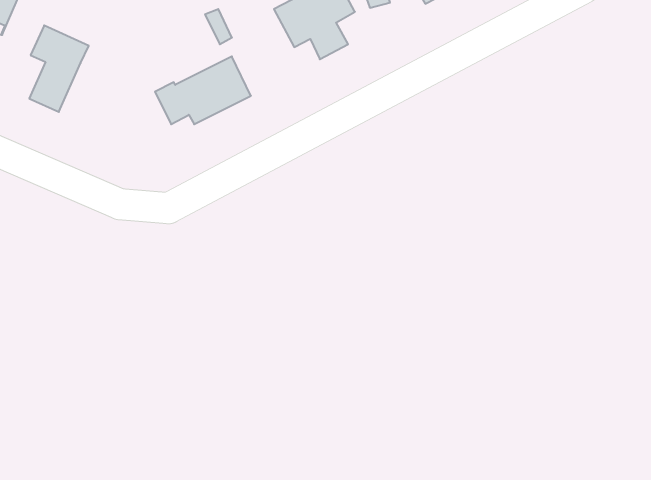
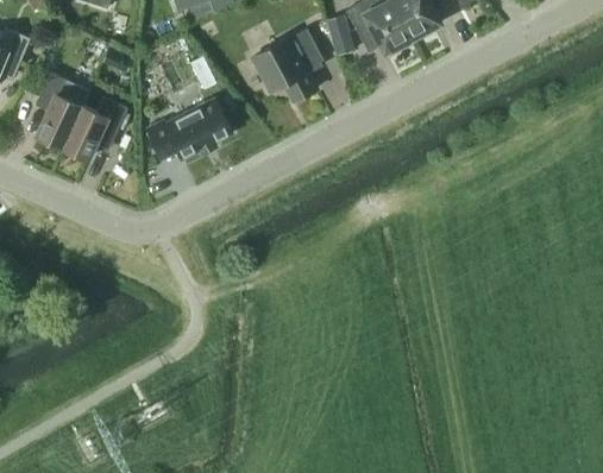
building: none -> [62,97,127,160]

